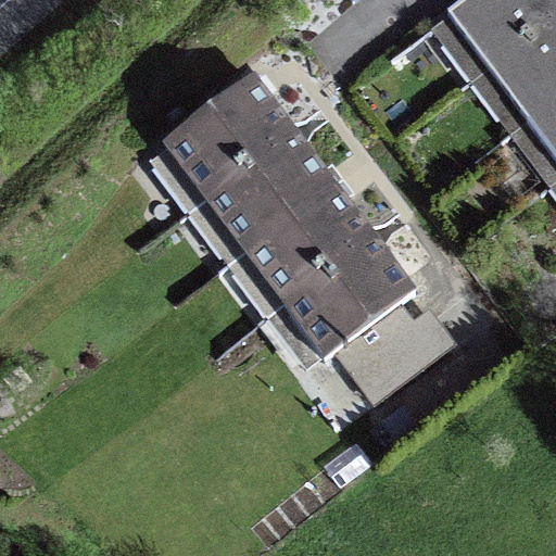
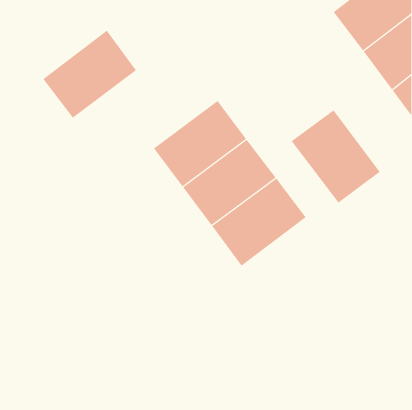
building: [166,80,293,200] -> [43,30,137,119]
building: none -> [291,110,380,204]
building: [336,314,452,400] -> none

